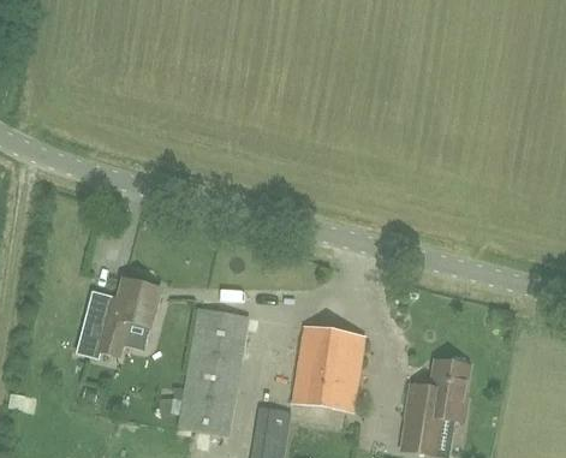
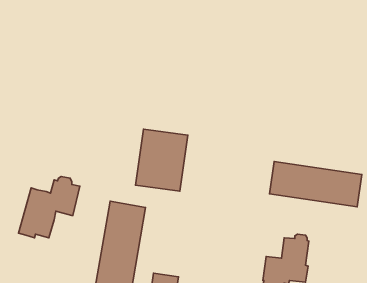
building: none -> [269,161,362,207]
building: [292,327,363,411] -> [136,129,188,191]

